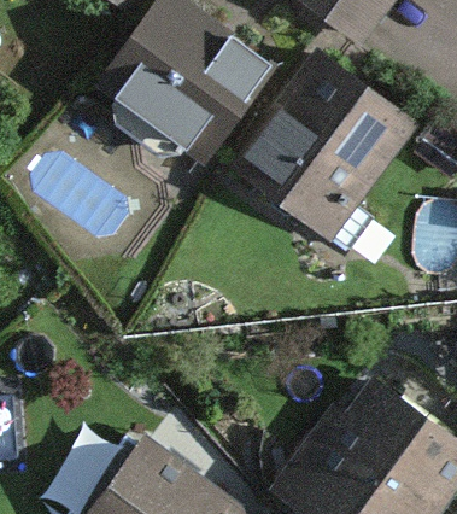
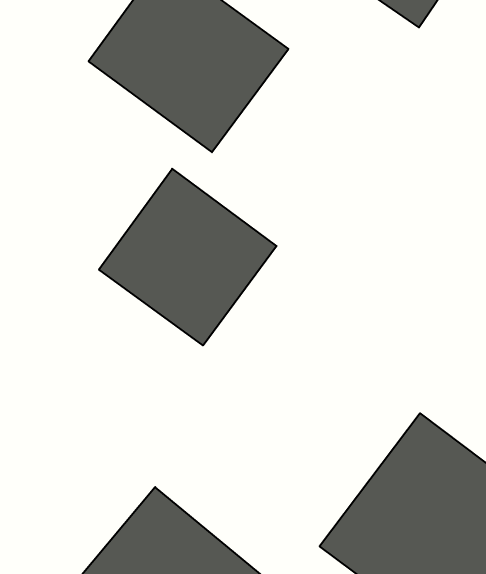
building: [230,56,396,227] -> none
building: none -> [99,169,277,345]

